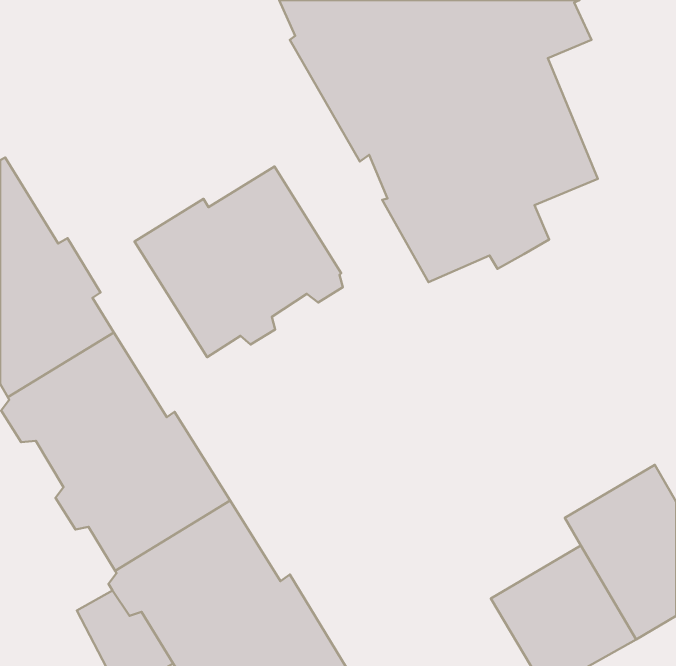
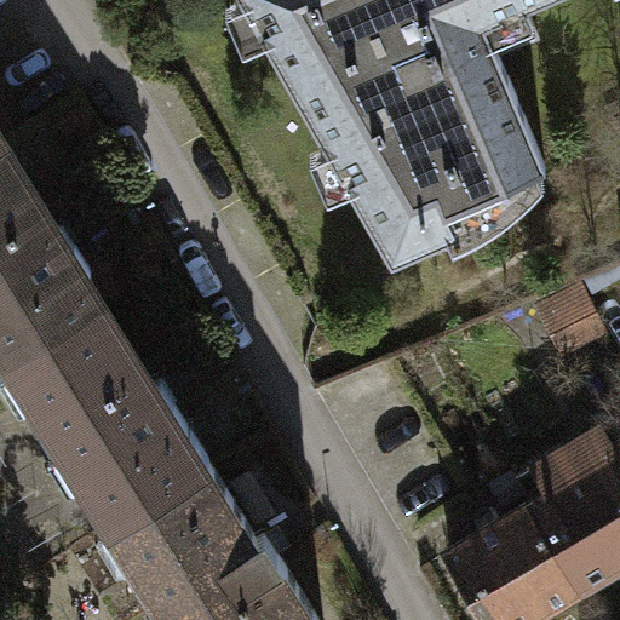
building: [134,167,343,357] -> none

